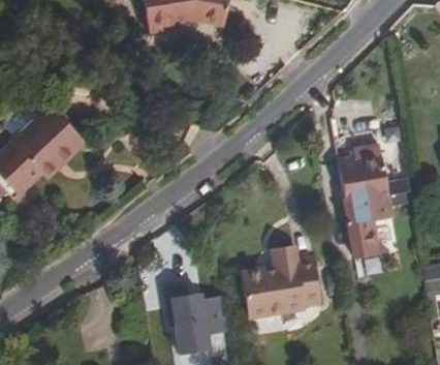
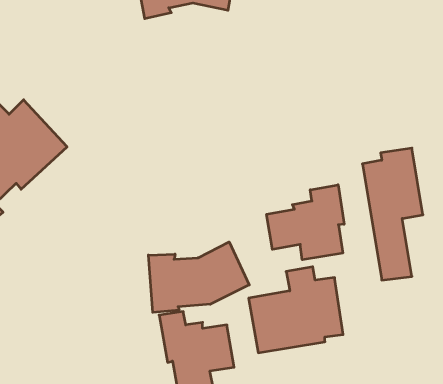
building: none -> [267,185,344,260]
building: none -> [148,242,249,312]

